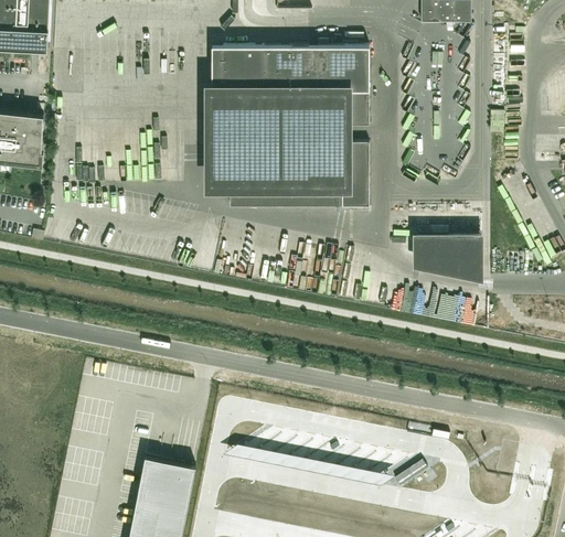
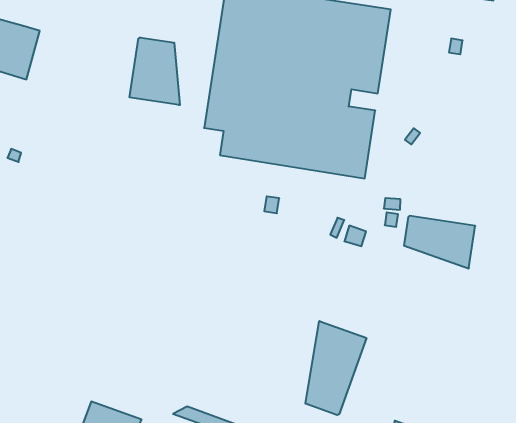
building: none -> [130,37,180,105]
building: none -> [305,321,366,415]

